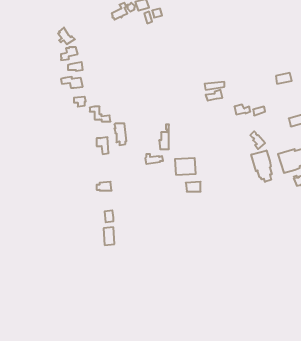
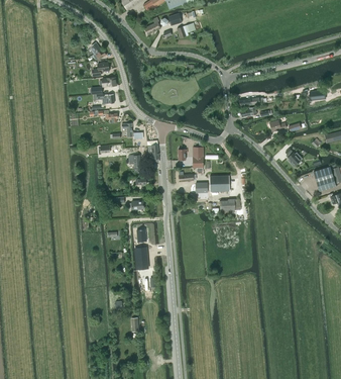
building: [251,150,272,182] -> none

